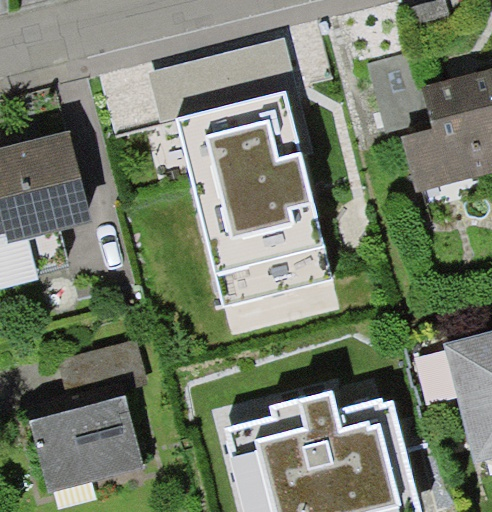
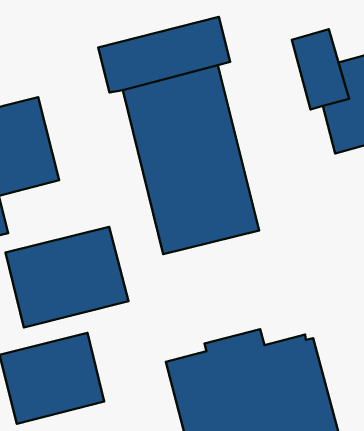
building: none -> [6,227,129,328]

